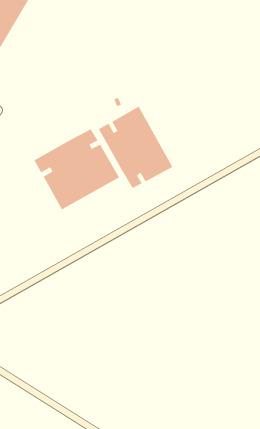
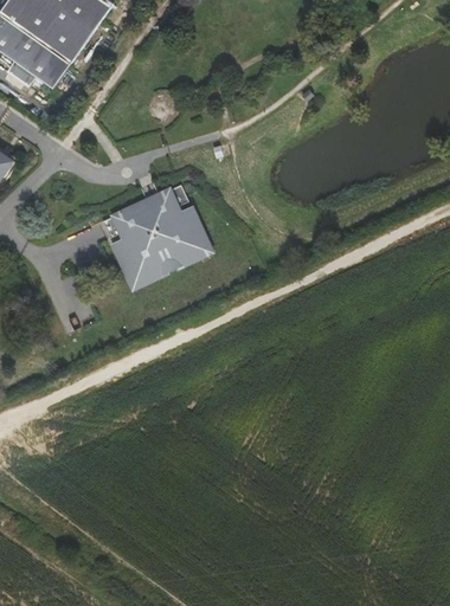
building: [98,106,173,189] -> none

